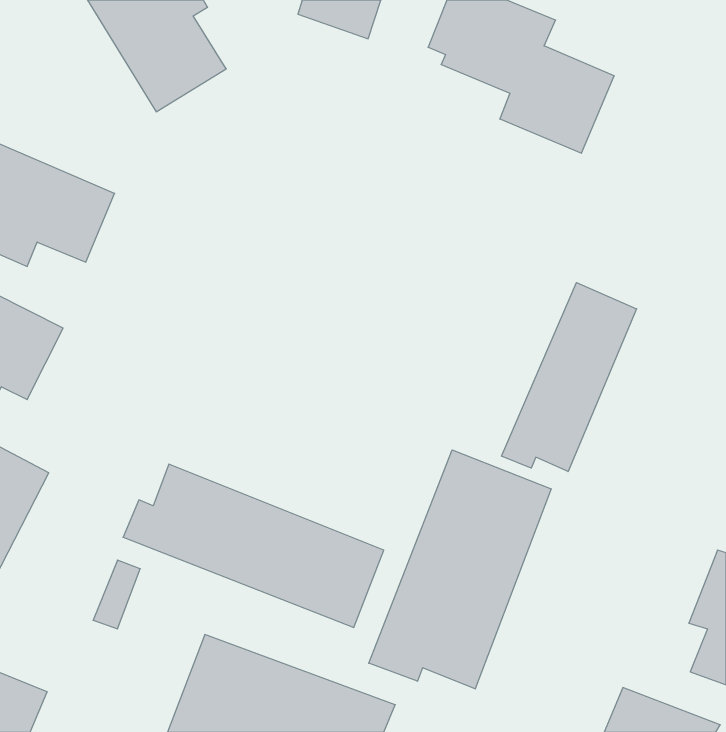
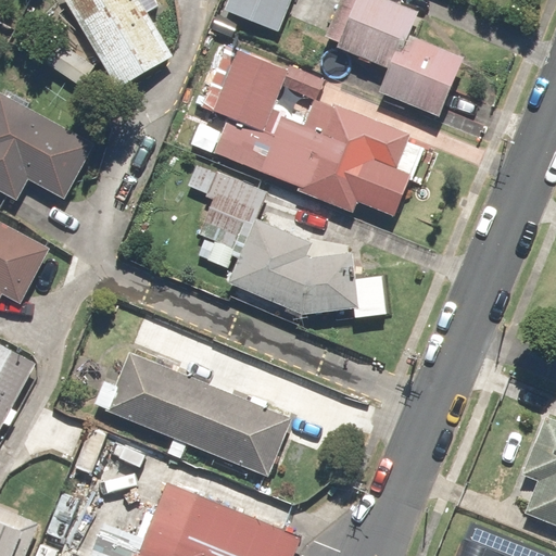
building: none -> [203,46,419,213]
building: none -> [189,162,358,312]
building: [502,283,637,472] -> none
building: [369,450,551,689] -> none

